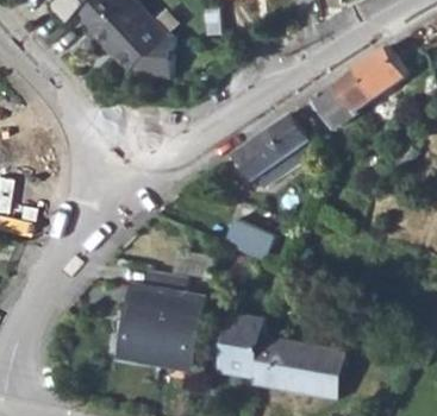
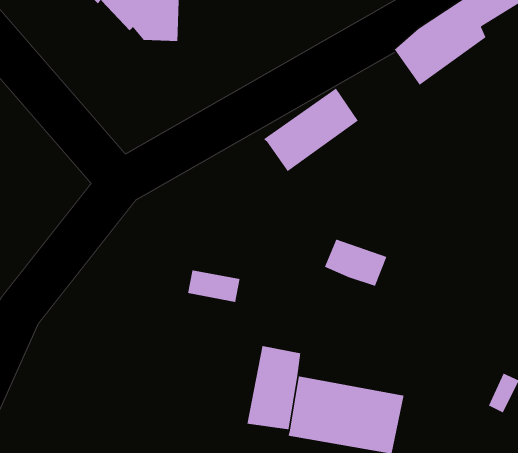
building: [306,81,357,128] -> none
building: [224,223,274,261] -> [324,238,388,287]
building: [121,271,208,371] -> none

